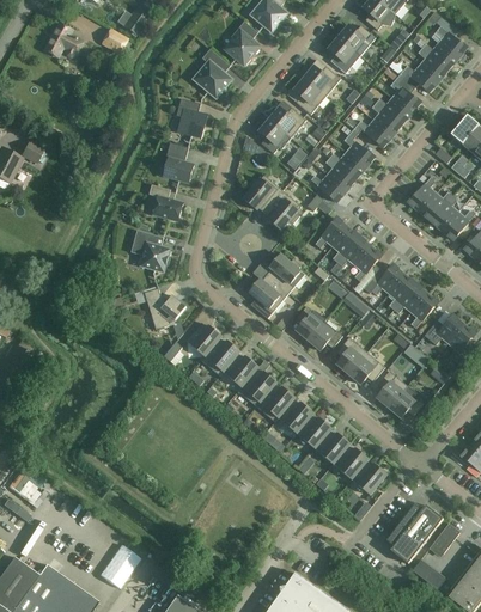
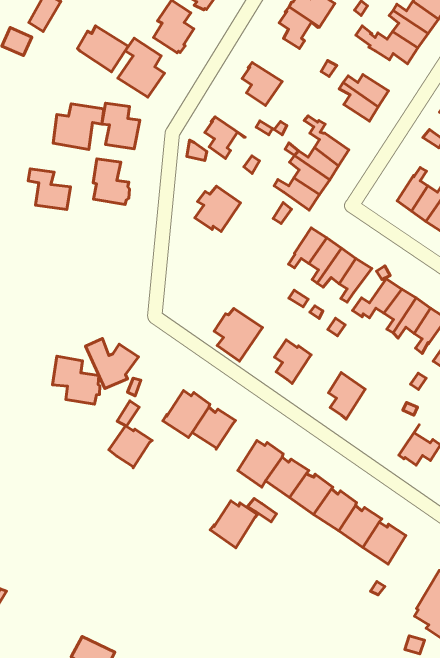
building: none -> [77,26,128,72]
building: [303,66,340,96] -> none
building: [383,67,420,112] -> none
building: none -> [53,104,104,149]
building: [268,106,305,137] -> none
building: [349,118,392,147] -> none
building: [148,184,182,220] -> [28,169,70,209]
building: [263,190,300,230] -> none
building: [130,230,169,271] -> [52,356,100,404]
building: [267,253,304,293] -> none
building: [308,320,342,350] -> none
building: [185,322,221,356] -> [109,426,152,468]
building: [348,351,384,384] -> none
building: [237,368,276,406] -> [210,501,257,548]
building: [377,371,407,408] -> none

